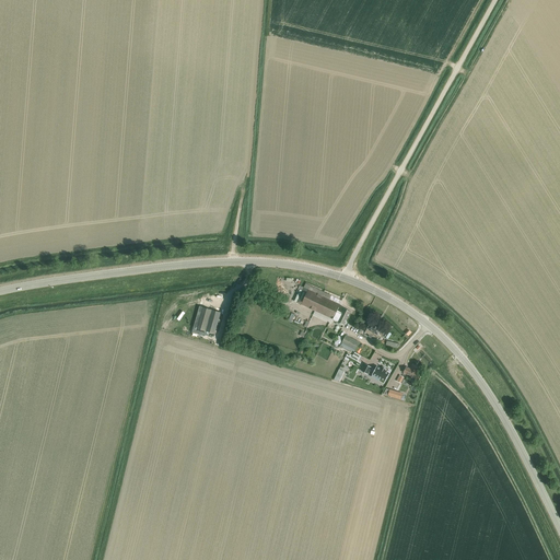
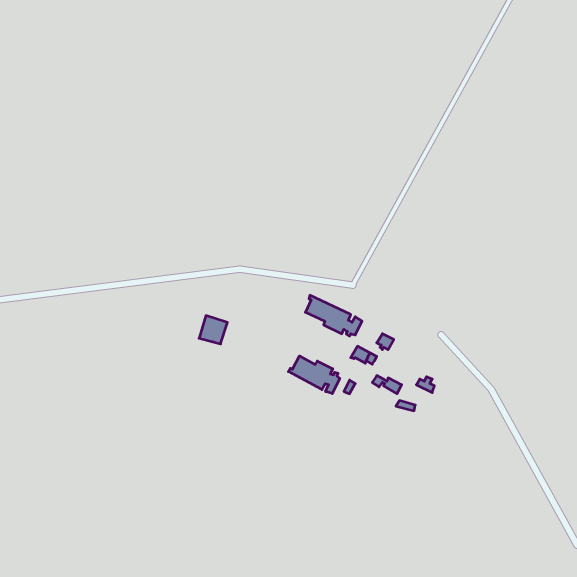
building: none -> [288,356,340,394]

